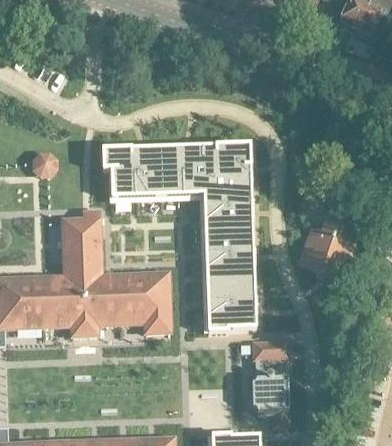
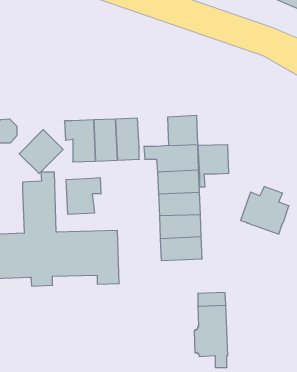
building: [187,149,221,195] -> [198,145,229,187]
building: none -> [19,130,63,174]
building: none -> [66,178,101,214]
building: [213,304,259,330] -> none

